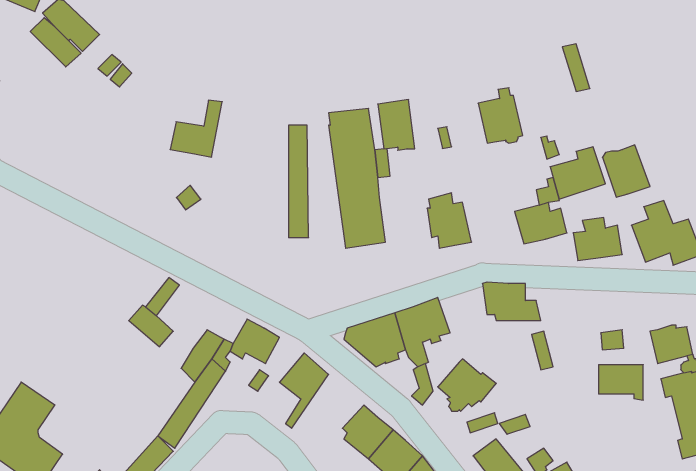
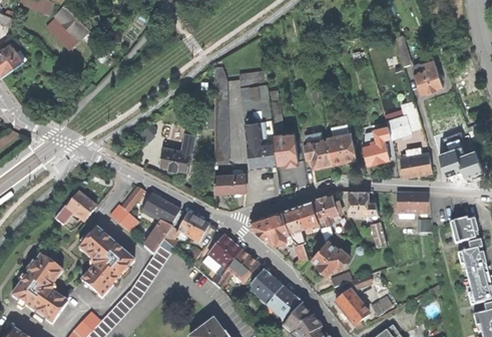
building: [478,88,523,143] -> [328,126,357,162]
building: [378,100,415,150] -> [274,130,298,163]
building: [170,100,222,157] -> [160,132,194,170]
building: [602,145,650,197] -> [412,58,443,92]
building: none -> [214,166,245,192]
building: none -> [55,191,96,224]
building: none -> [312,193,342,241]
building: none -> [142,194,179,225]
building: none -> [79,227,134,297]
building: [599,365,643,400] -> [398,193,427,216]
building: none -> [216,249,258,287]

